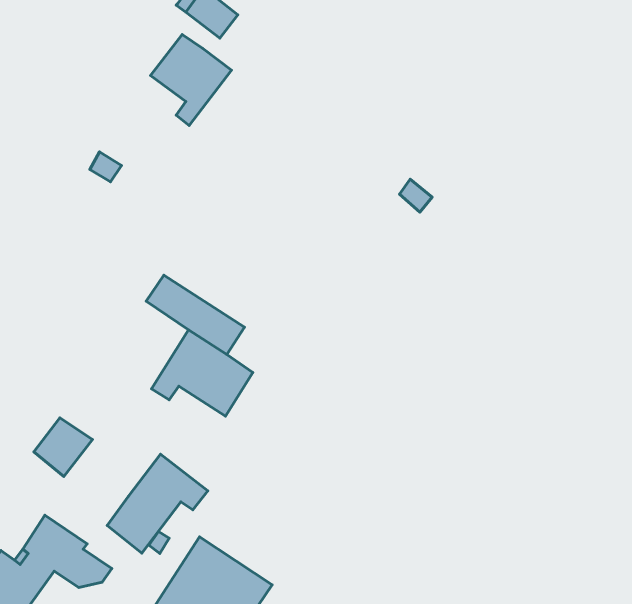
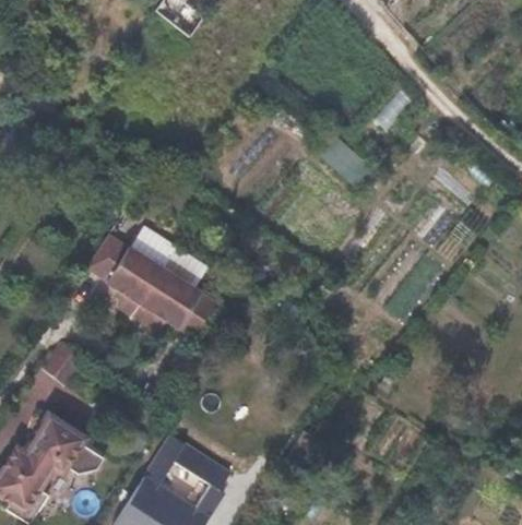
building: [151,34,232,125] -> none
building: none -> [86,234,164,317]
building: [107,454,208,553] -> none

